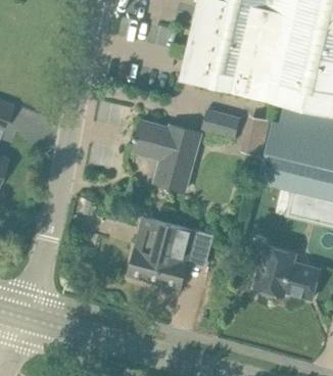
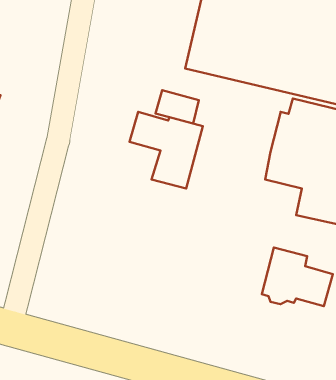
building: [200,108,240,139] -> [155,90,199,124]
building: [240,115,272,156] -> none
building: [128,217,213,288] -> none

